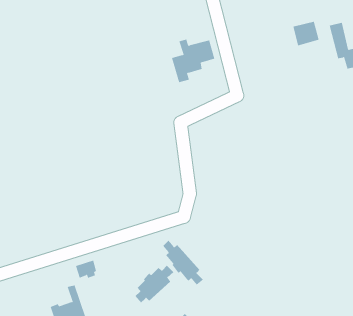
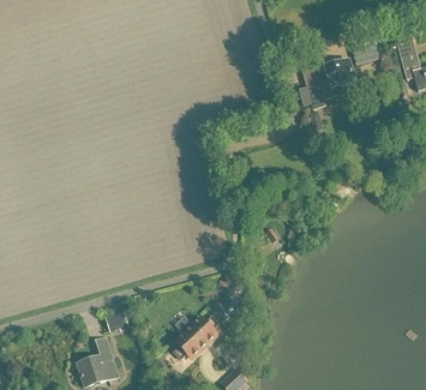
building: [171,39,215,83] -> [304,58,354,108]
building: [163,240,204,286] -> none

